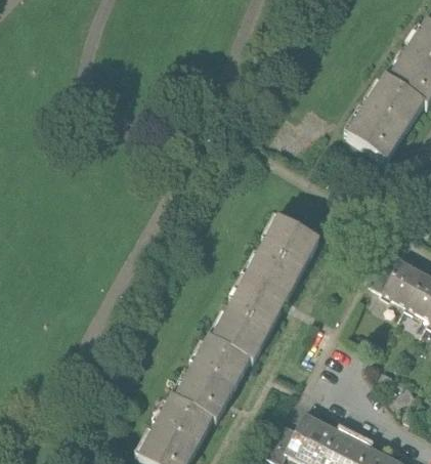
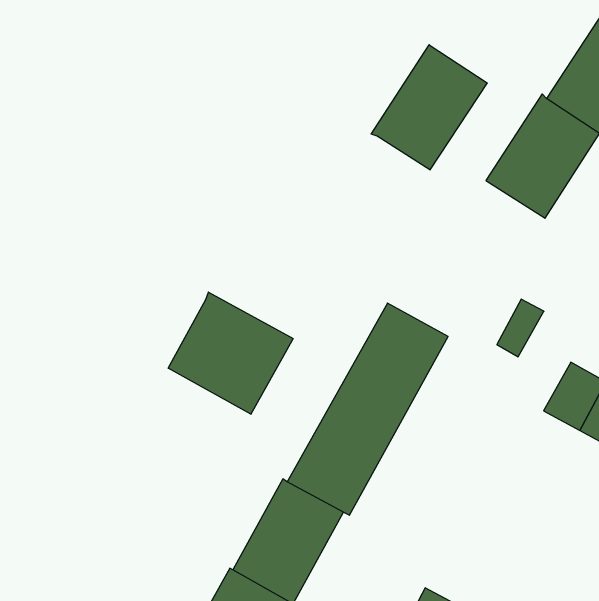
building: none -> [371,45,487,170]
building: none -> [168,292,293,414]
building: [368,254,399,293] -> [497,299,544,357]

